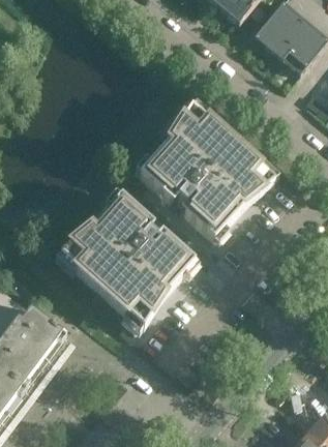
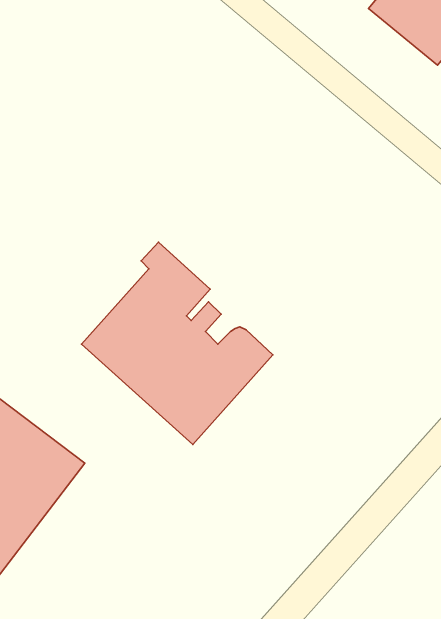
building: [136,112,271,237] -> none

